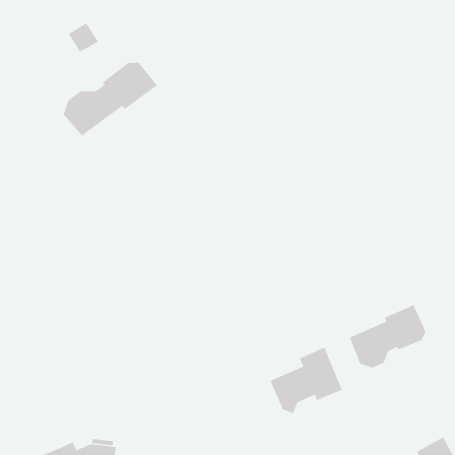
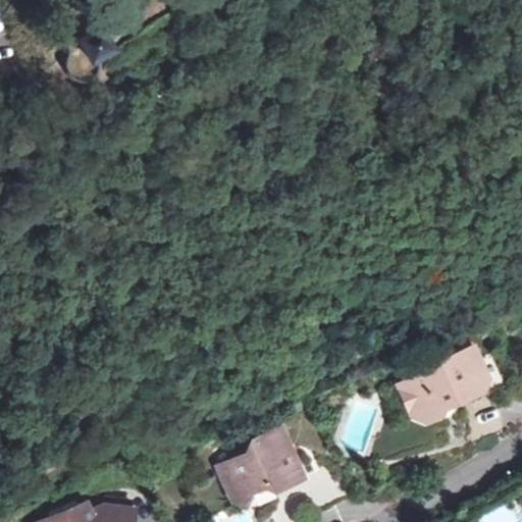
building: [63,62,158,136] -> none
building: [270,346,343,414] -> [219,429,303,507]

